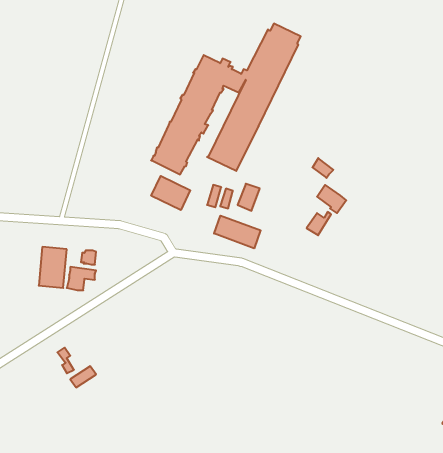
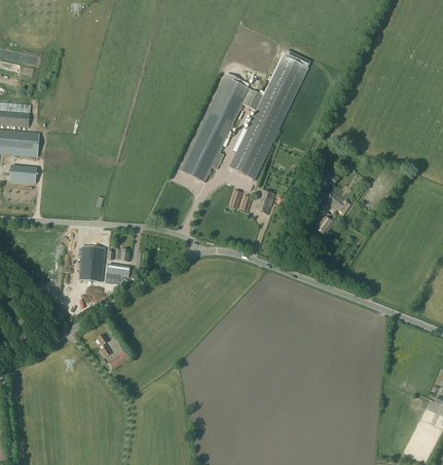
building: [151,176,190,210] -> none
building: [214,216,261,248] -> none

